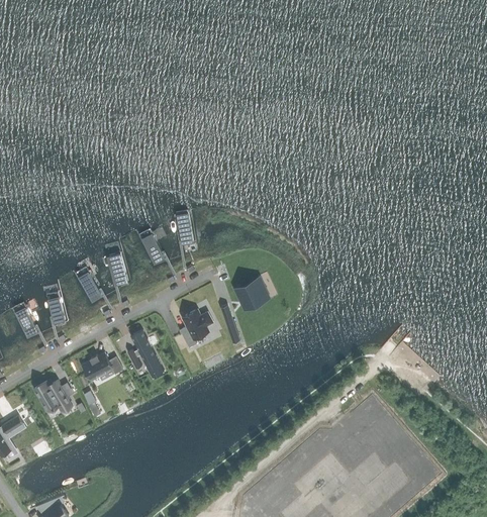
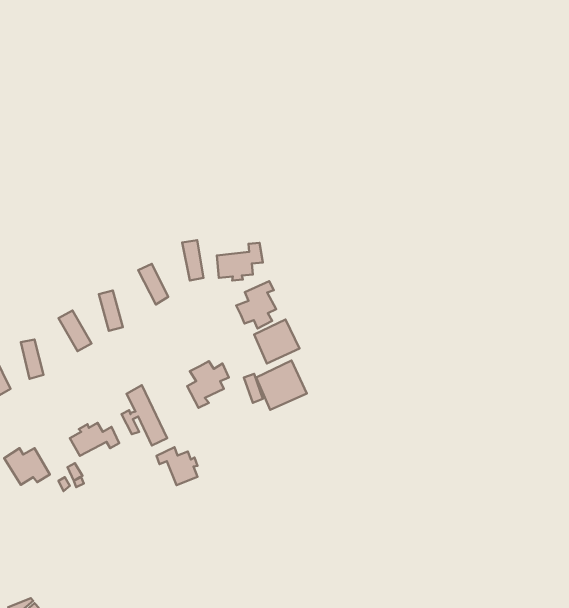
building: none -> [217,243,263,280]
building: none -> [236,281,276,329]
building: none -> [256,360,307,410]
building: none -> [157,447,197,485]

